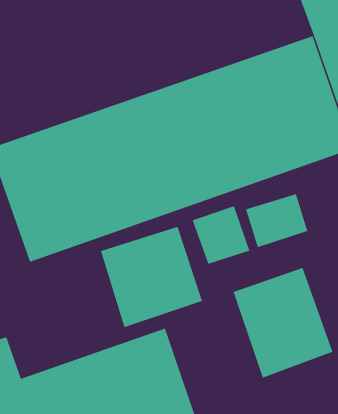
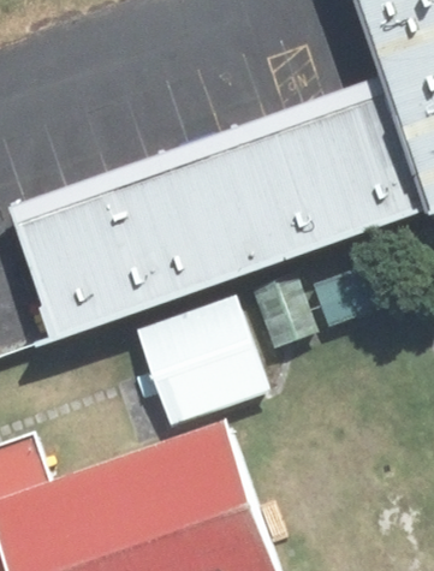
building: [233,267,333,378] -> none

